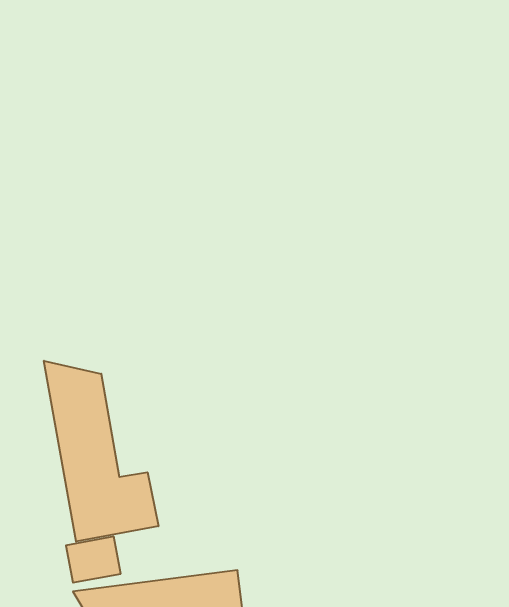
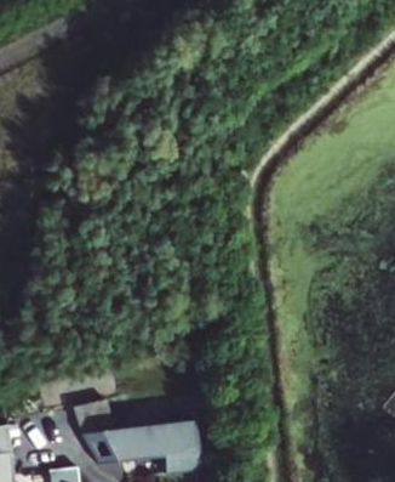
building: [44,361,158,542] -> none

